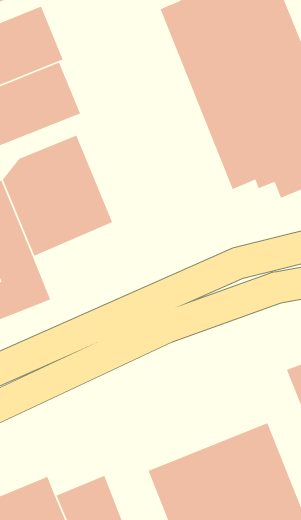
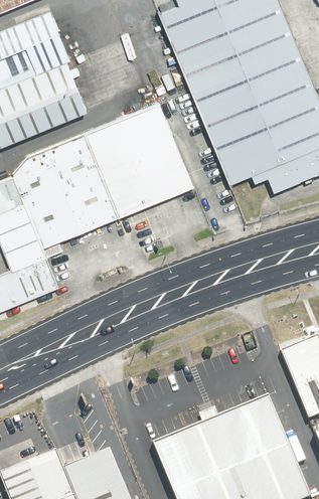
building: none -> [85,104,193,214]

